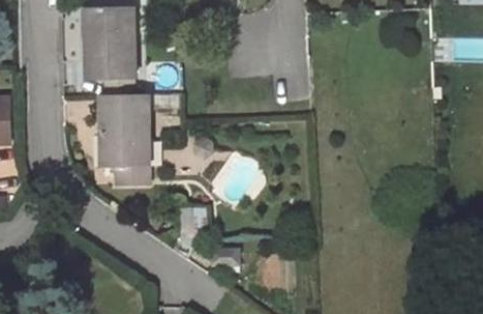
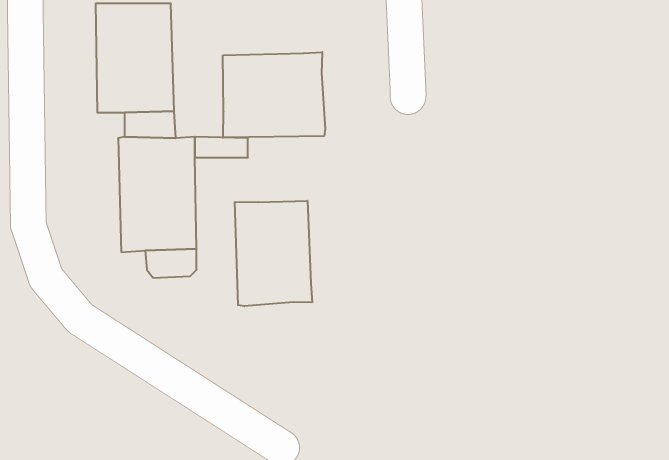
building: none -> [223,52,325,138]
building: none -> [235,201,312,306]

